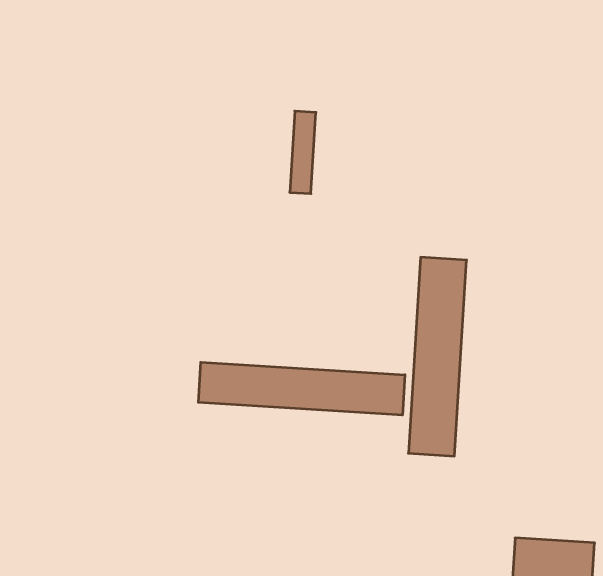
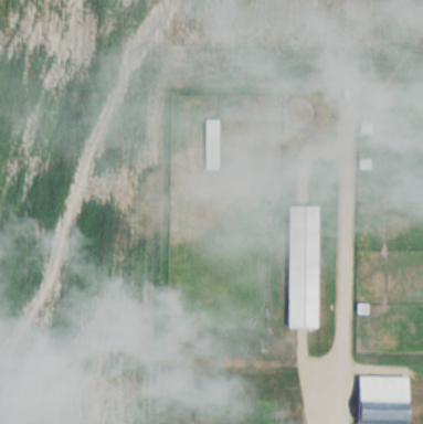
building: [198,362,405,415] -> none

